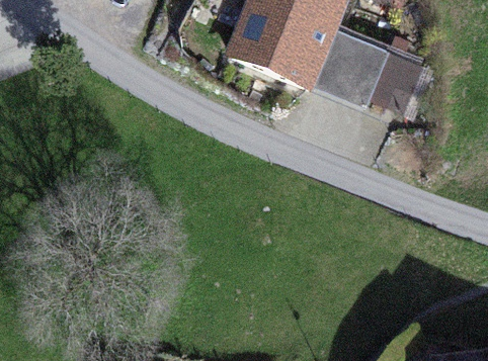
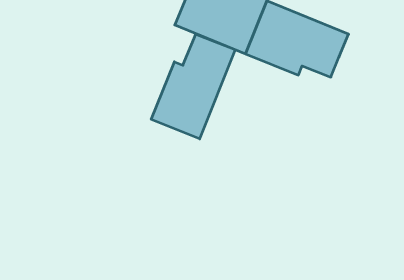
building: none -> [151,34,235,139]

